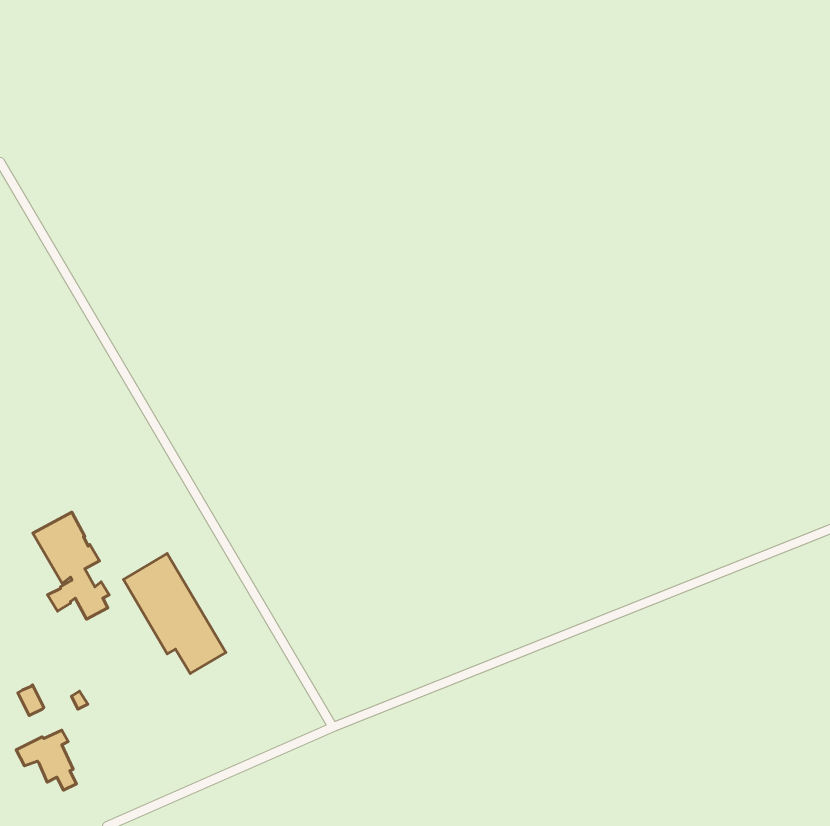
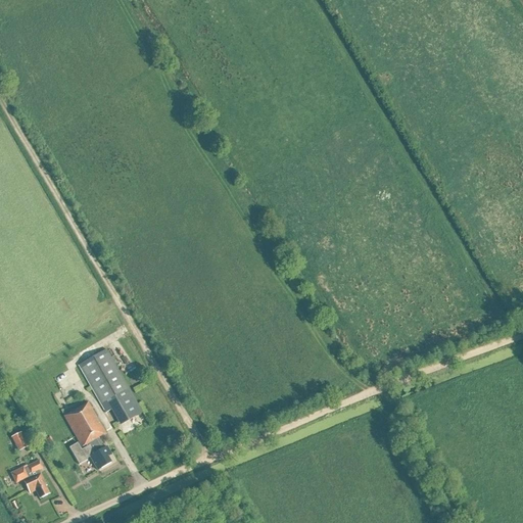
building: [33,512,109,619] -> [63,401,111,469]

